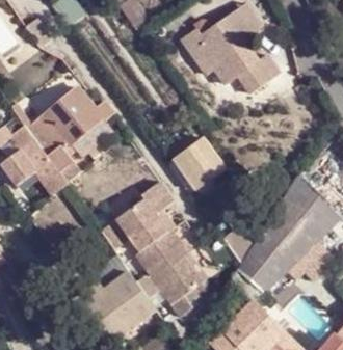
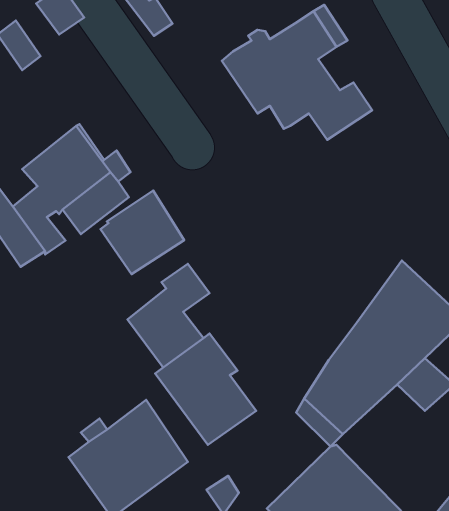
building: [168,138,225,194] -> [101,190,184,274]

